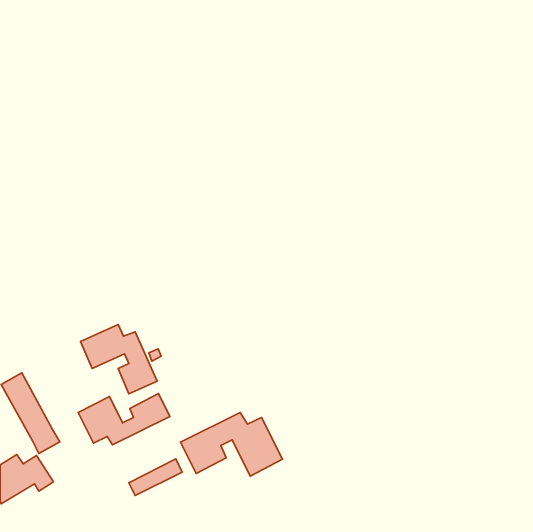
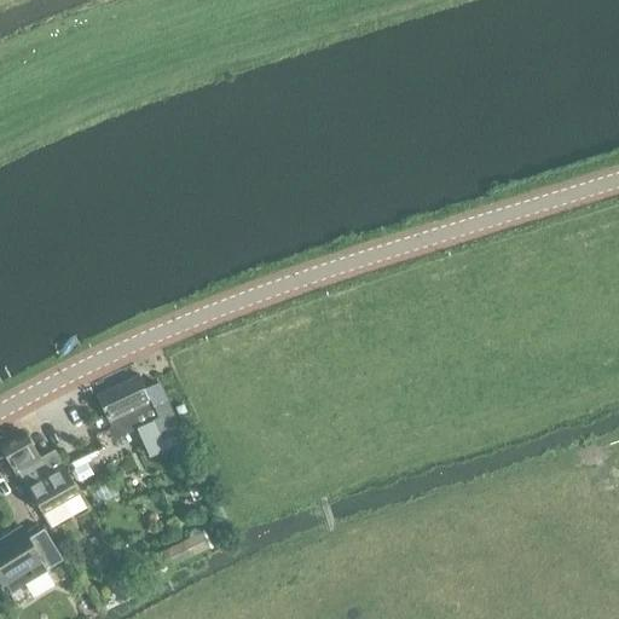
building: [78,393,170,445] -> none
building: [181,412,282,476] -> none

